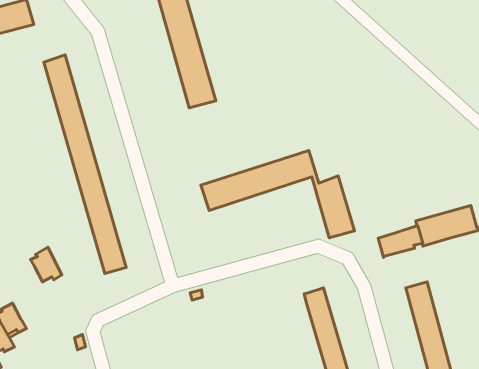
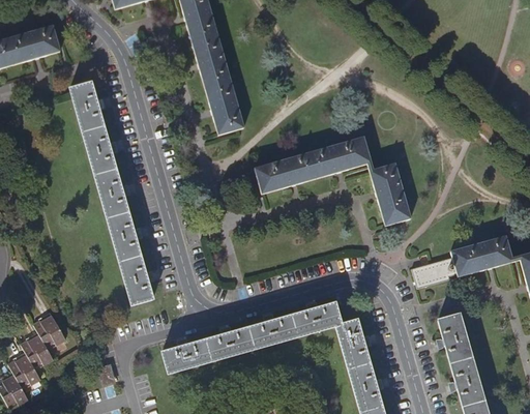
building: [201,150,354,238] -> [255,135,411,224]
building: [30,247,62,282] -> [34,314,66,349]
building: none -> [161,302,340,372]

